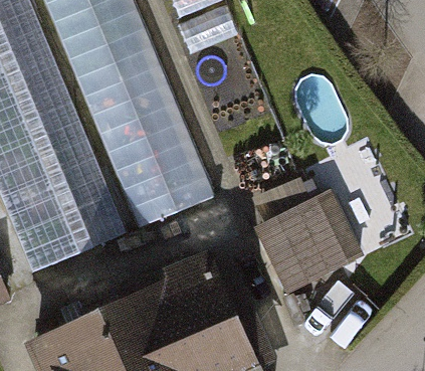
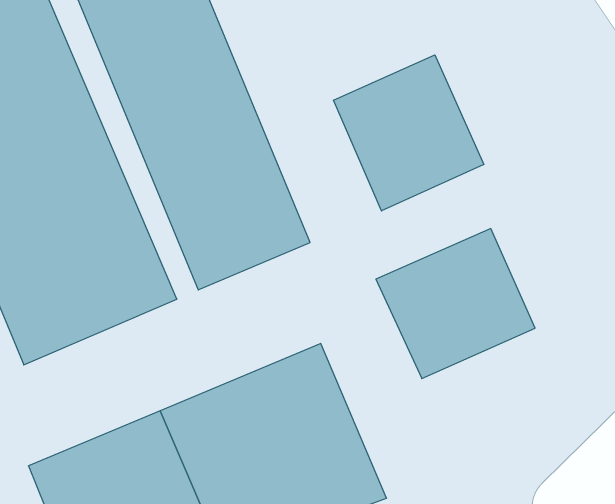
building: none -> [334,55,484,211]

